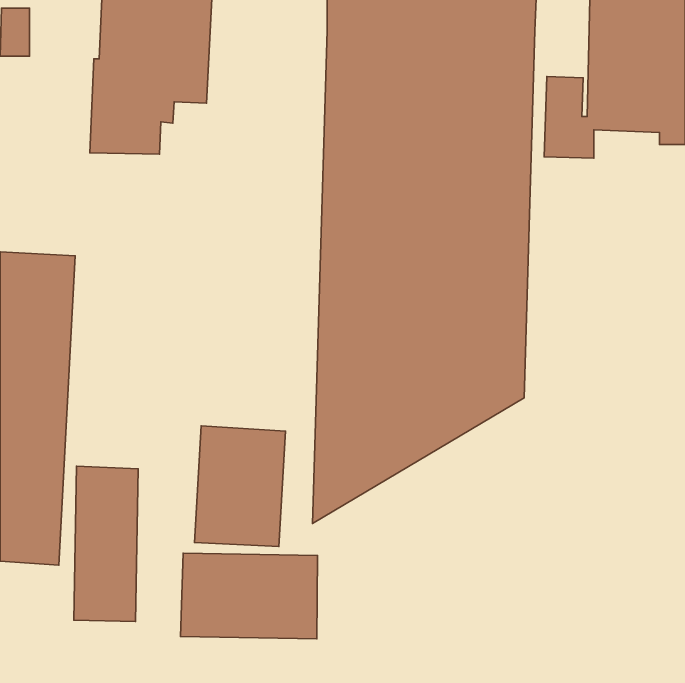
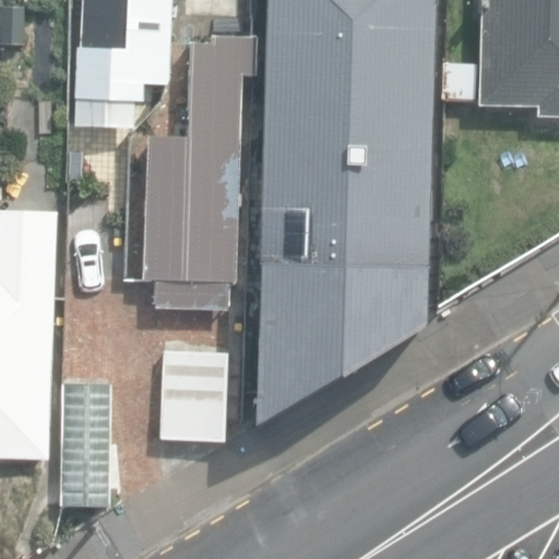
building: none -> [143,35,254,310]
building: [181,553,318,639] -> none

